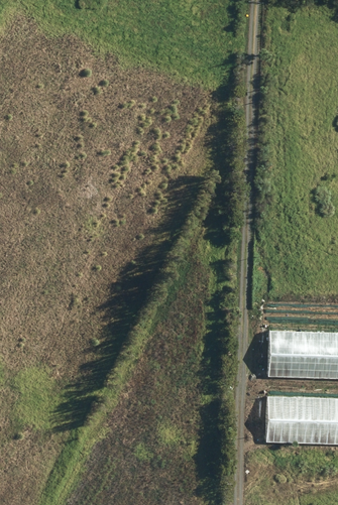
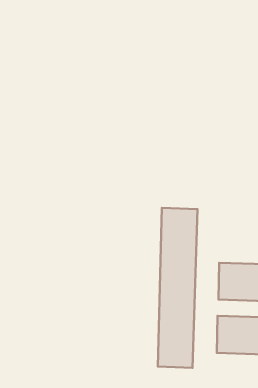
building: none -> [158,208,197,368]

